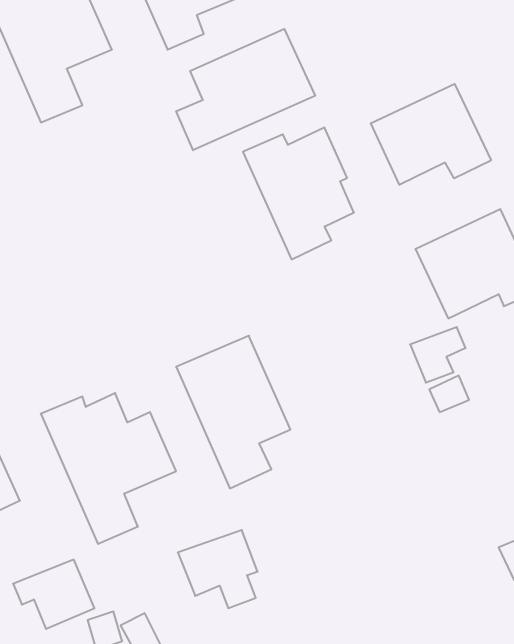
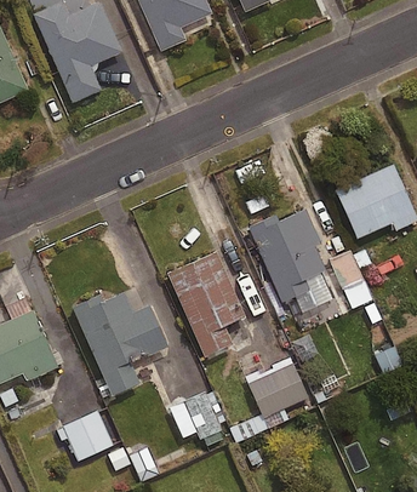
building: [176,29,315,150] -> none
building: [371,84,491,185] -> none
building: [243,128,354,259] -> [247,210,325,302]
building: none -> [246,356,304,411]

